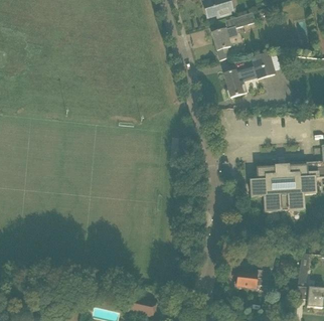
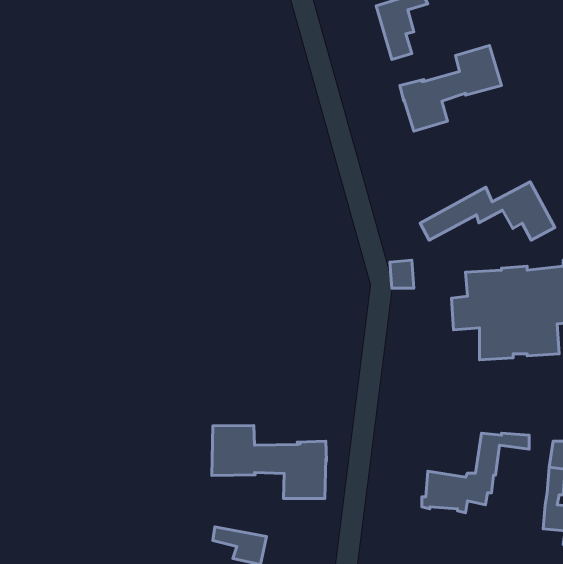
building: none -> [420,182,555,240]
building: none -> [212,426,327,498]

